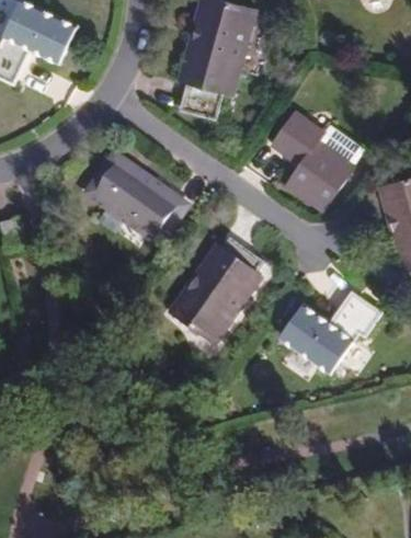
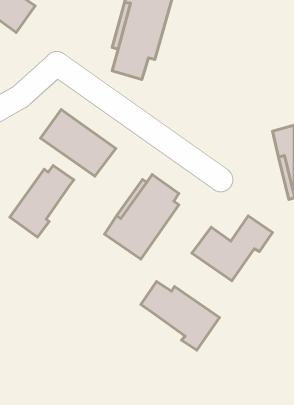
building: [272,113,353,210] -> none
building: none -> [10,165,74,237]
building: none -> [141,282,220,350]

